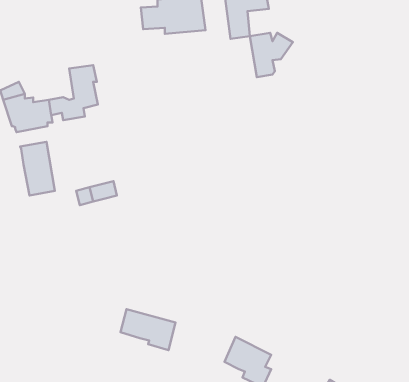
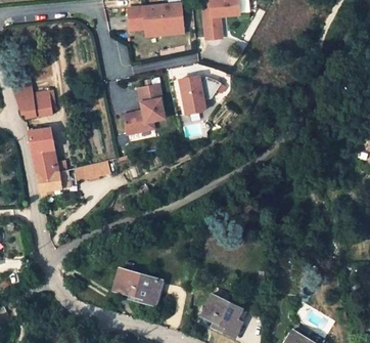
building: [250,33,293,77] -> [179,74,216,112]
building: [49,65,98,120] -> [120,83,161,130]
building: none -> [36,167,68,191]

